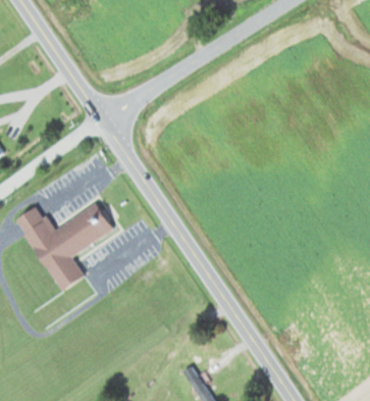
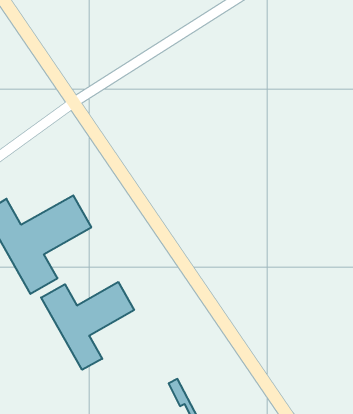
building: none -> [41,282,134,370]

